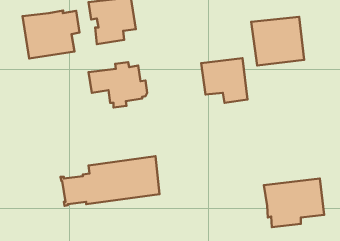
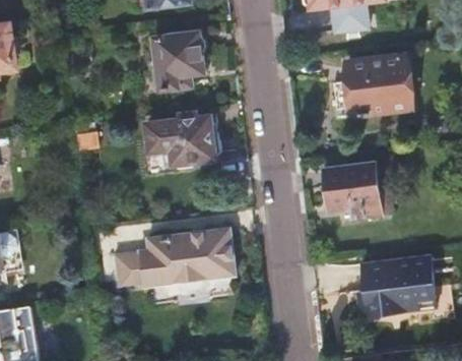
building: [23,10,80,59] -> none
building: [201,58,247,103] -> [324,162,381,217]

